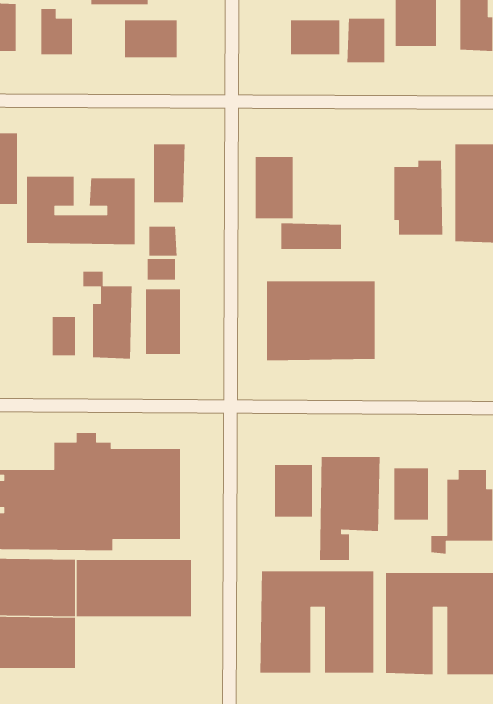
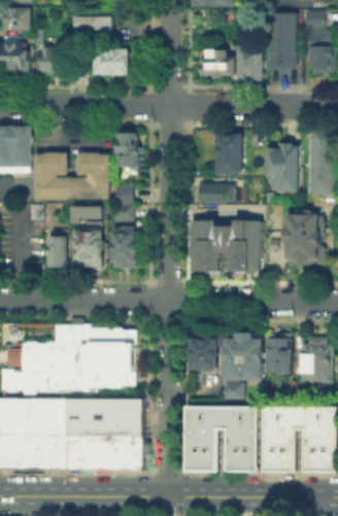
building: [255,156,293,219] -> [214,132,239,172]
building: none -> [283,212,324,266]
building: none -> [66,435,140,469]

